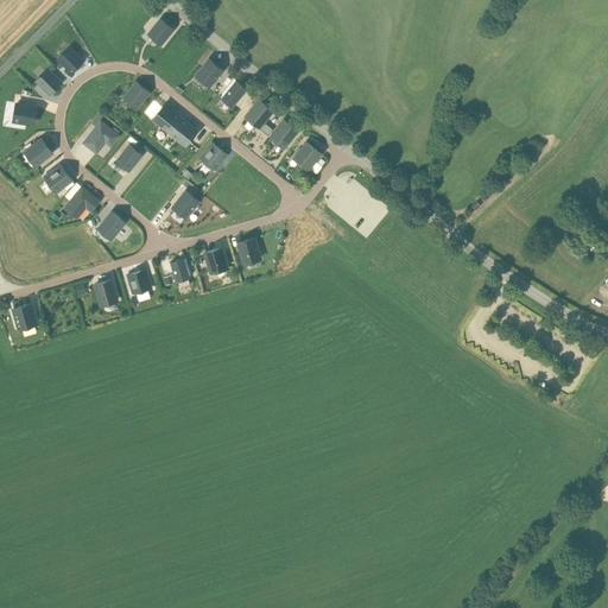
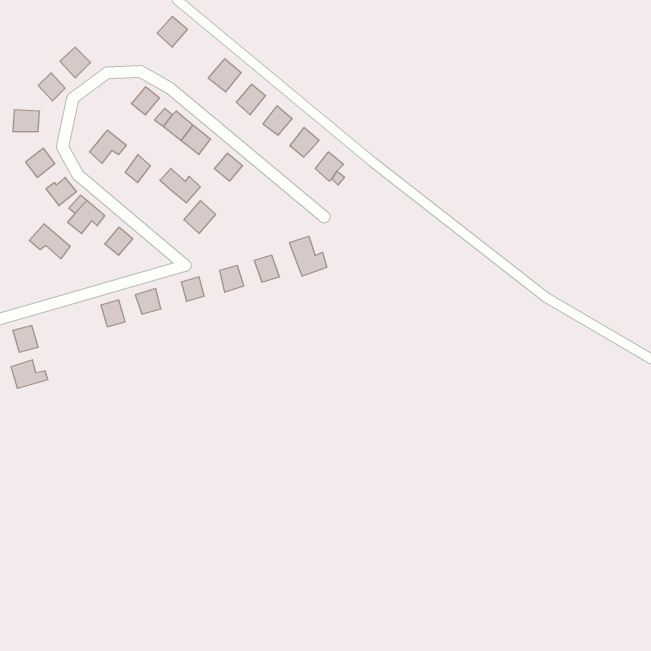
building: none -> [160,168,200,203]
building: none -> [29,224,70,259]
building: none -> [290,236,327,276]
building: none -> [11,360,48,388]

